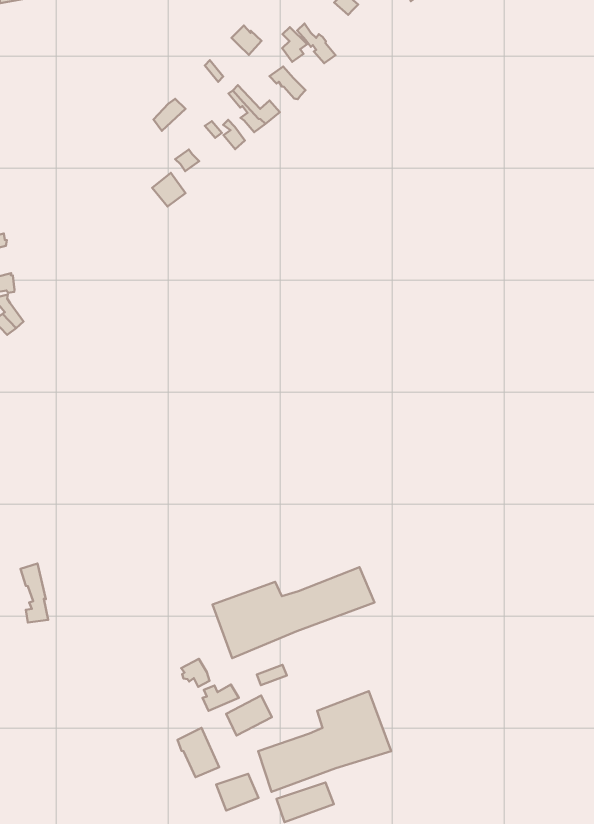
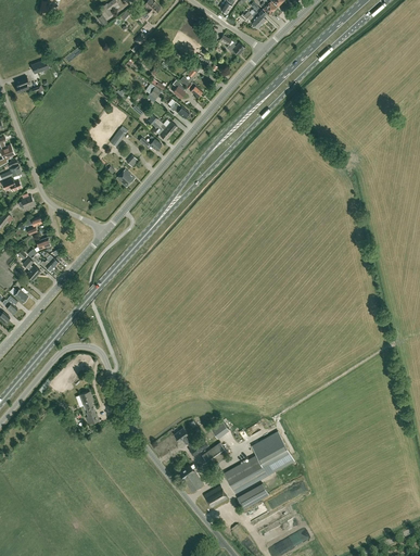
building: [212,567,374,658] -> none

